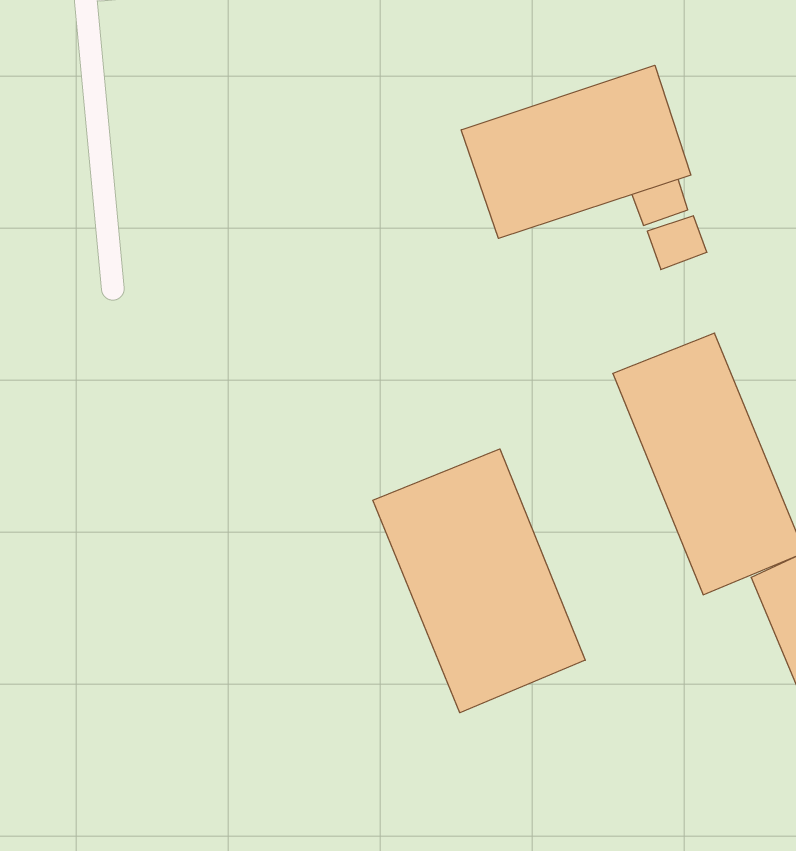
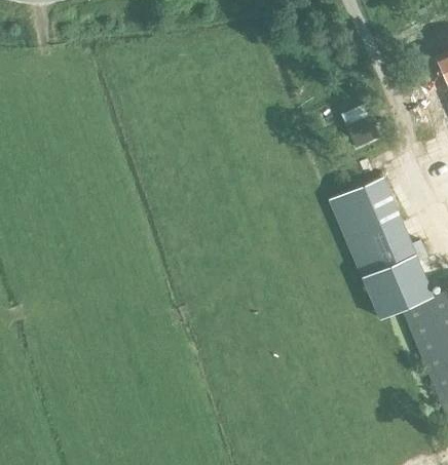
building: [461,65,691,238] -> none
building: [373,449,585,713] -> none

